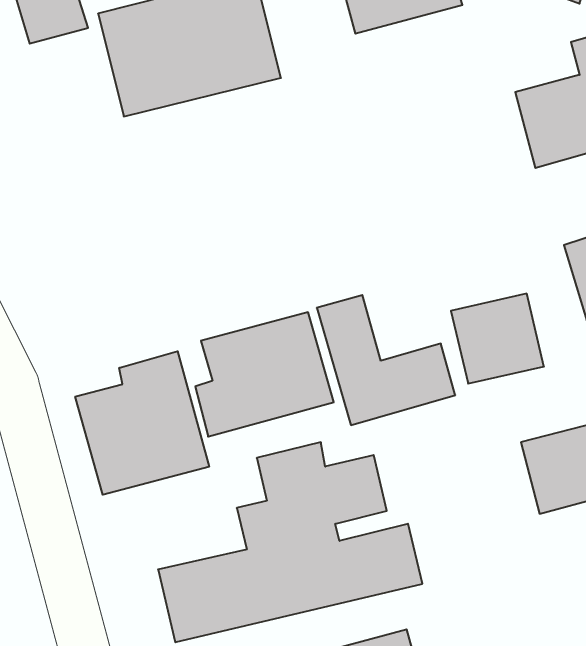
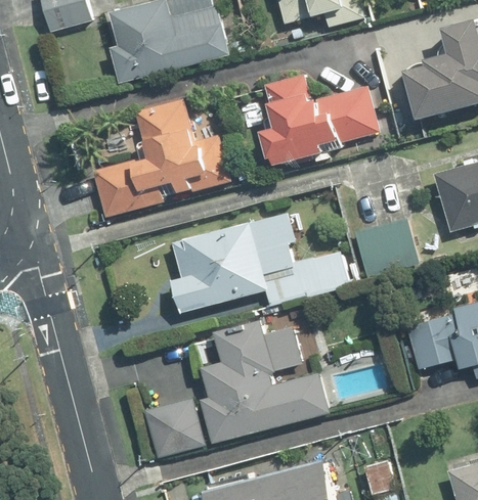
building: none -> [248,77,383,166]
building: none -> [95,99,230,217]
building: [75,351,209,495] -> none

